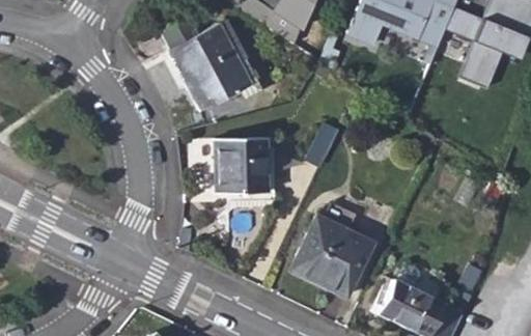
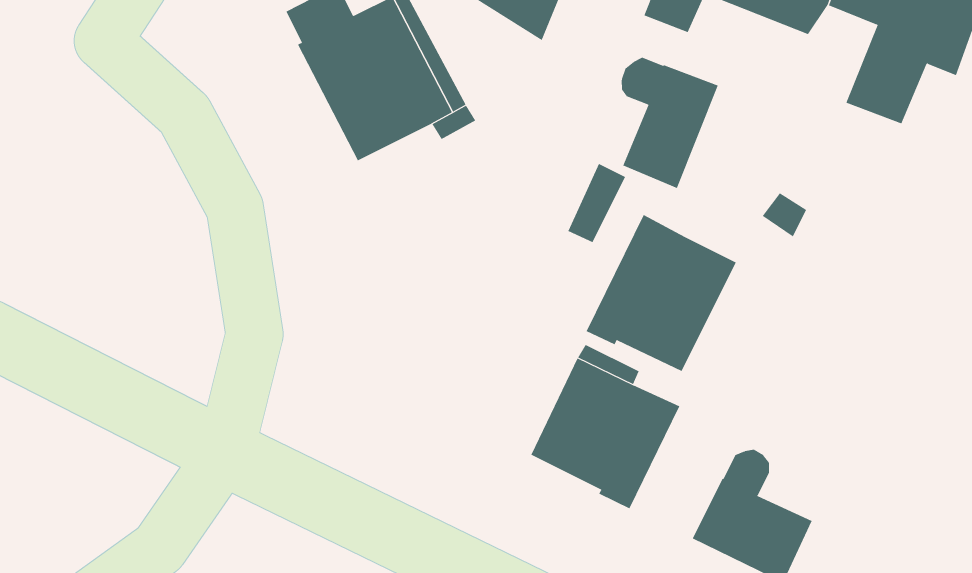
building: none -> [621,57,718,189]
building: [215,137,270,193] -> none
building: none -> [586,214,737,372]

